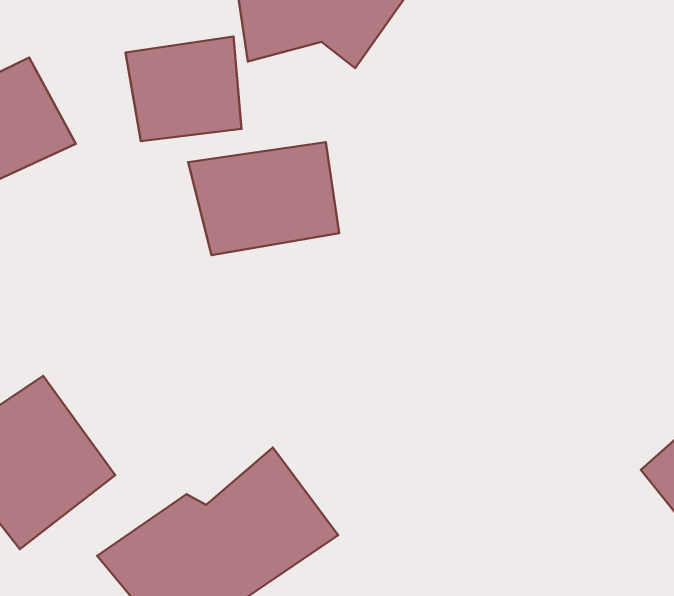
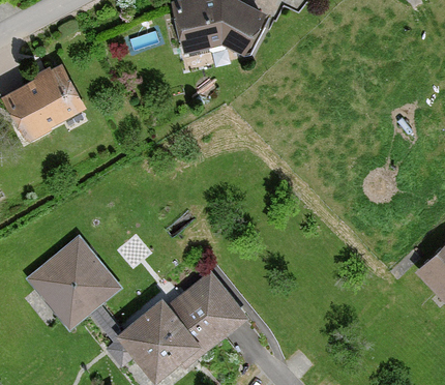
building: [126,37,242,141] -> none
building: [188,142,339,255] -> none

